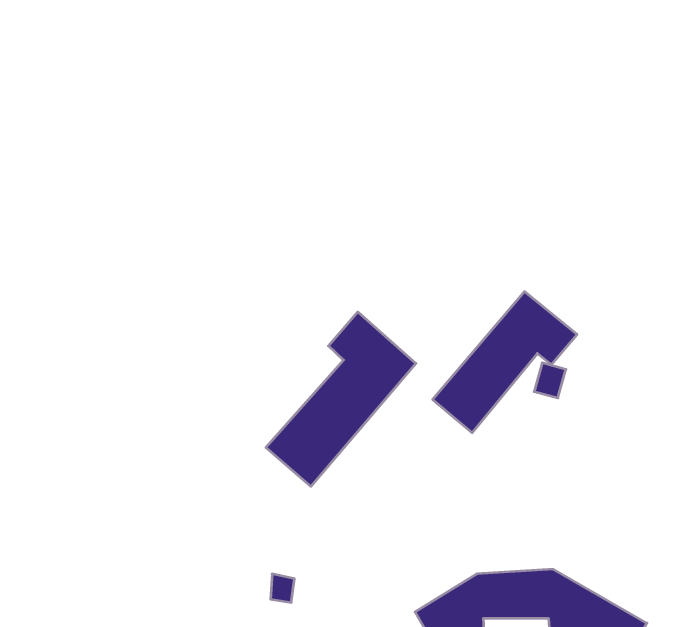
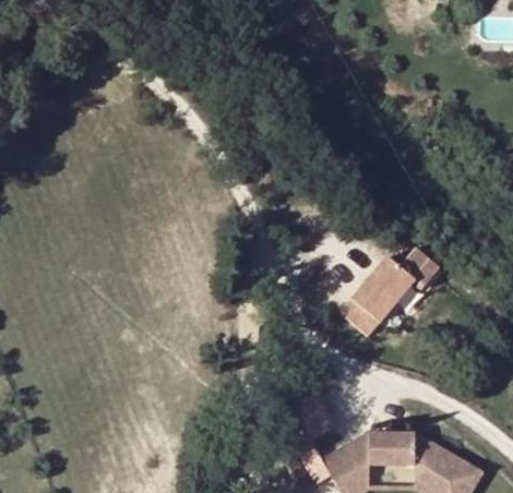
building: [266,312,416,486] -> none

